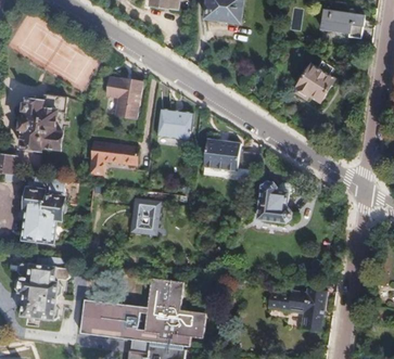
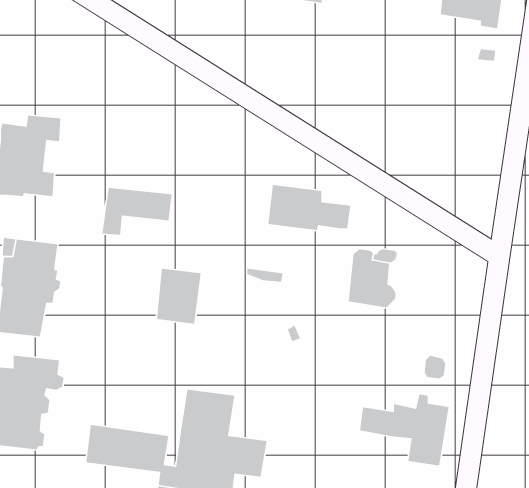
building: [296,60,333,101] -> none
building: [107,77,142,117] -> none
building: [155,110,191,141] -> none

